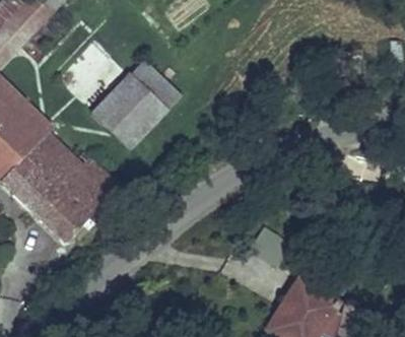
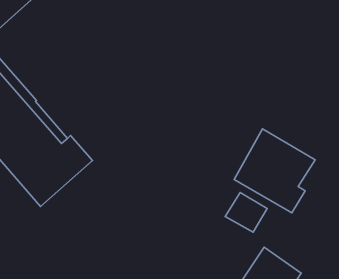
building: [93,64,184,151] -> none
building: none -> [234,129,315,213]

